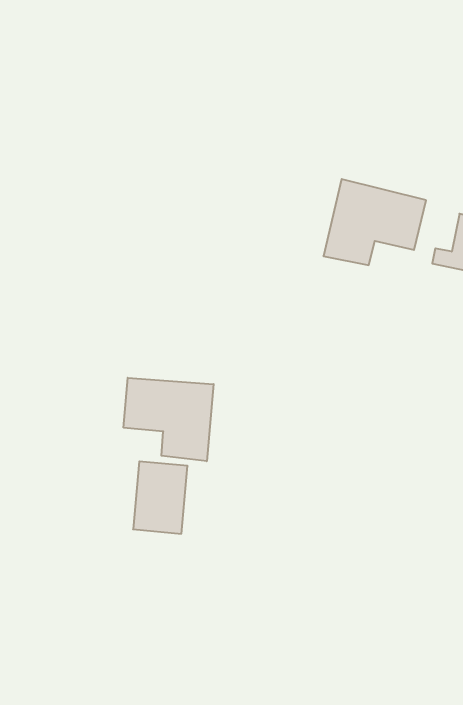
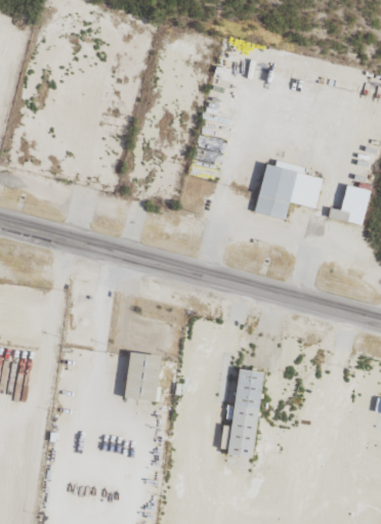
building: [124,378,214,461] -> none
building: none -> [219,368,265,470]

